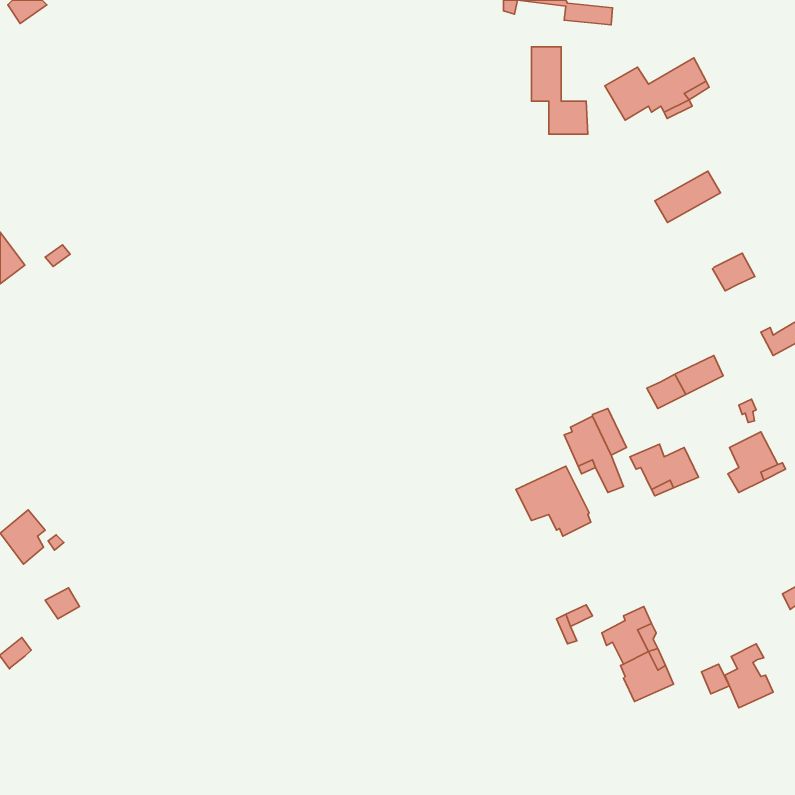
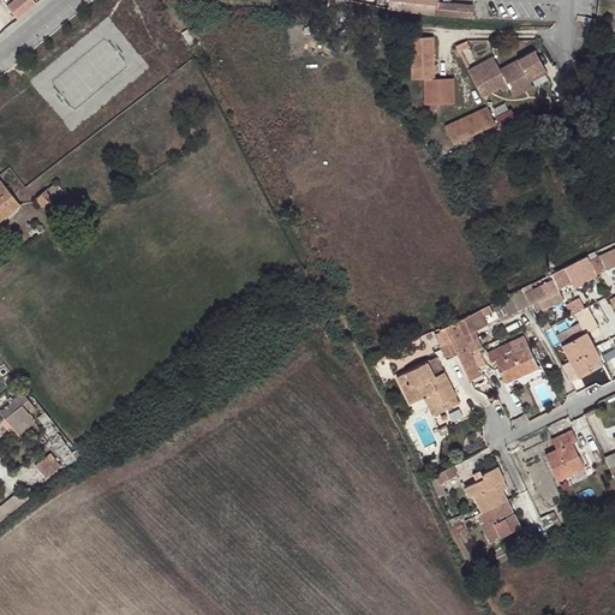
building: [655,171,720,223] -> [447,103,497,143]
building: [713,253,755,291] -> [565,257,597,286]
building: [725,644,773,708] -> [548,431,585,480]

